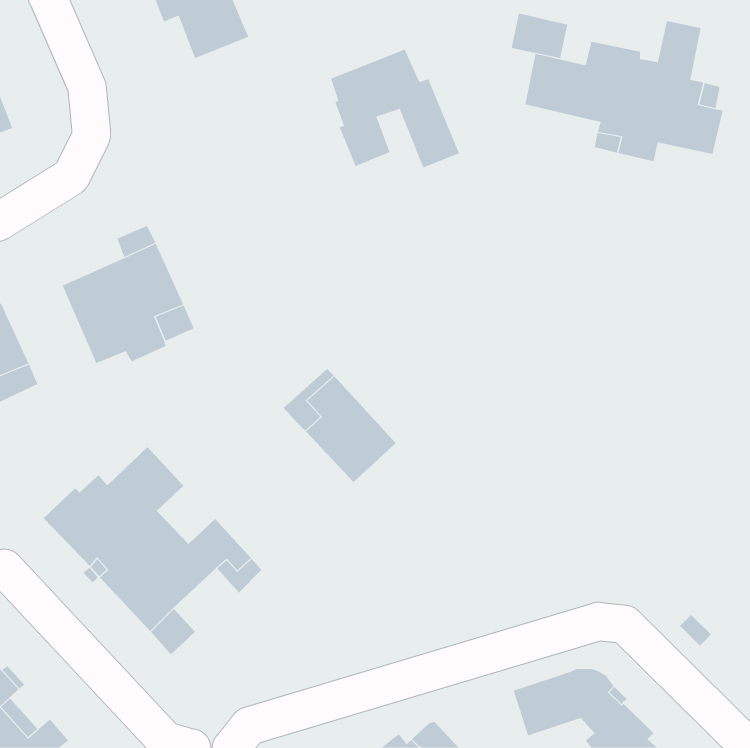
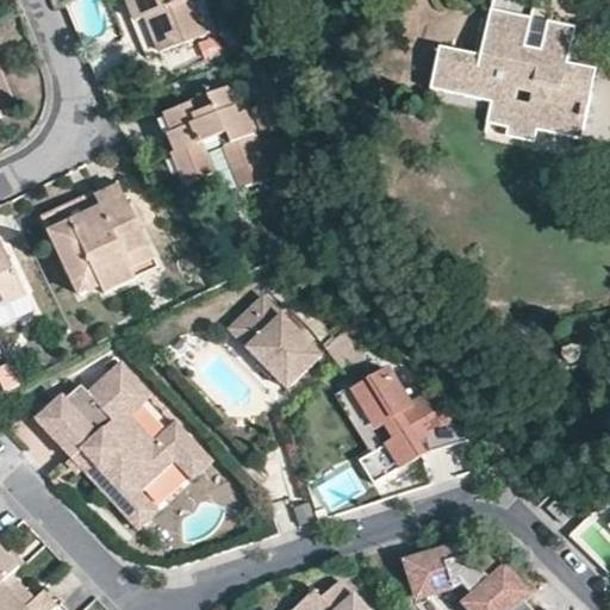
building: [511,13,568,58] -> [478,5,524,42]
building: [330,49,460,168] -> [161,88,266,185]
building: none -> [347,366,469,485]

